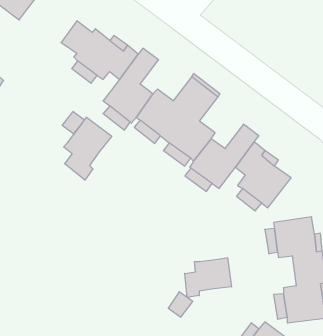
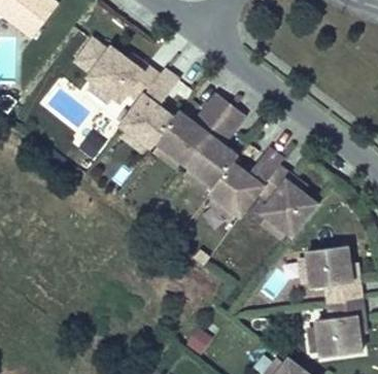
building: [64,117,112,180] -> none
building: [185,258,232,298] -> none

